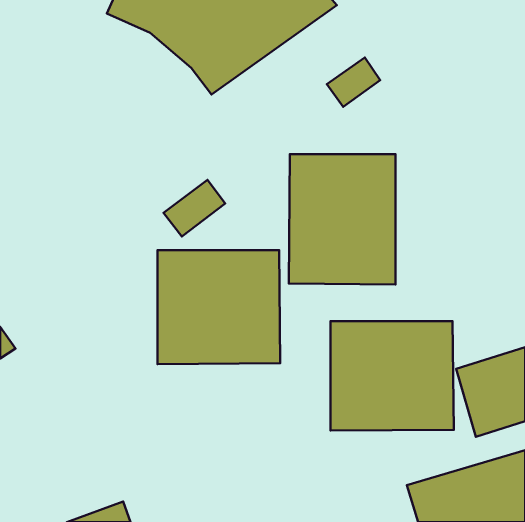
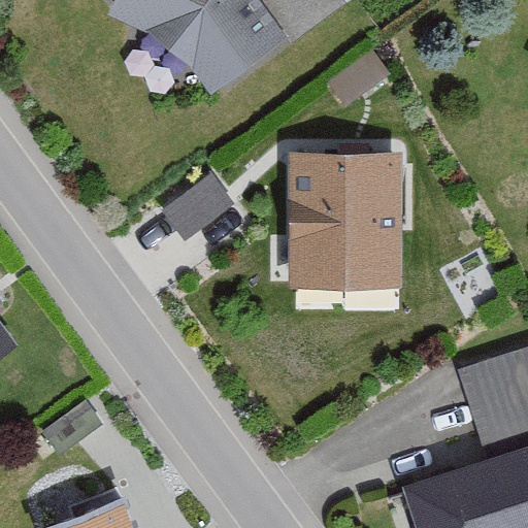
building: [157,250,280,364] -> none
building: [330,321,454,431] -> none

